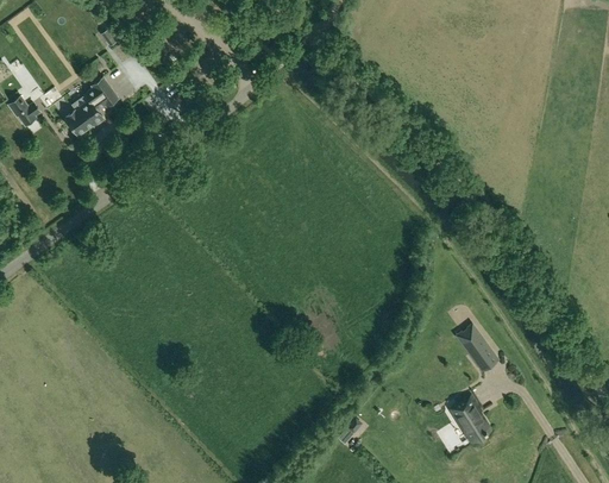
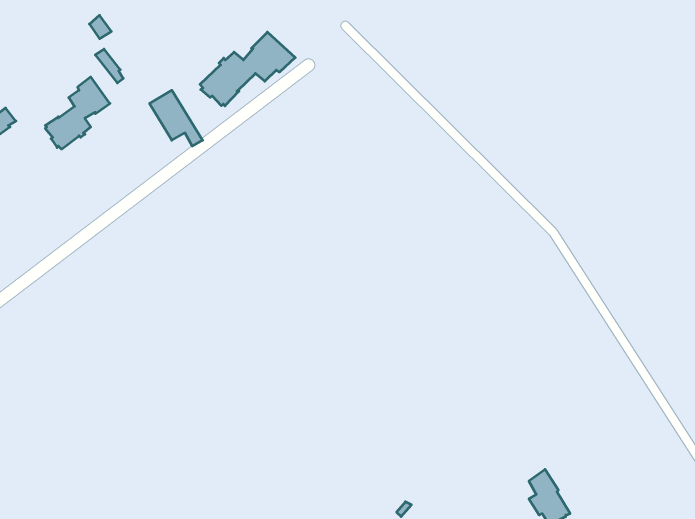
building: none -> [200,32,295,106]
building: [458,325,500,371] -> none

